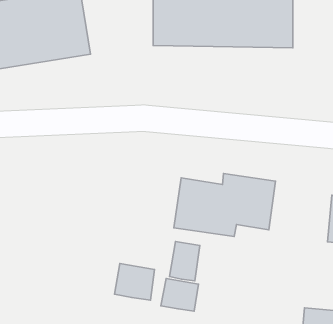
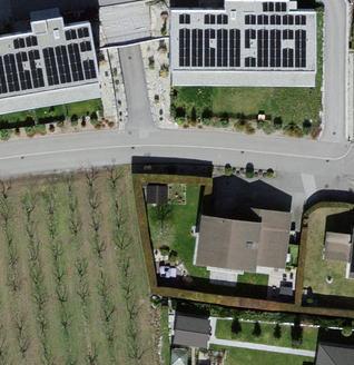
building: [170,241,200,281] -> none
building: [115,264,155,300] -> none

